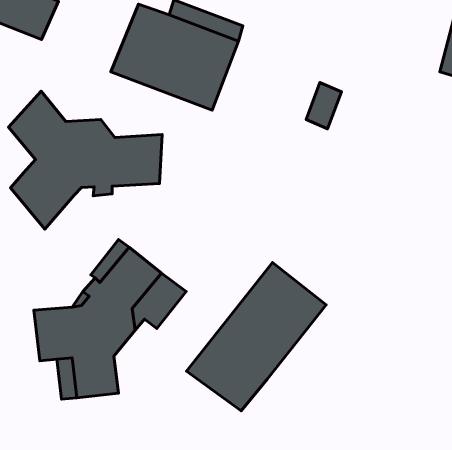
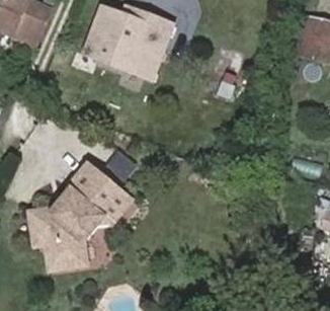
building: [9,91,162,229] -> none
building: [187,263,326,411] -> none

